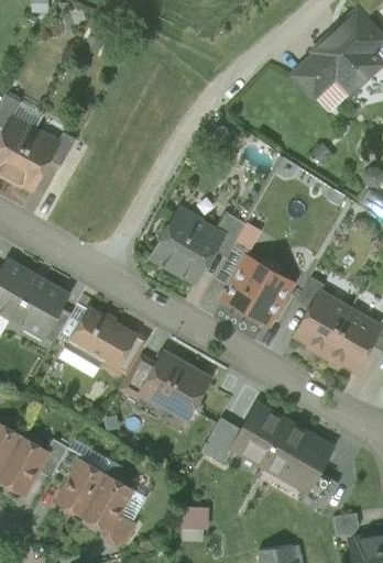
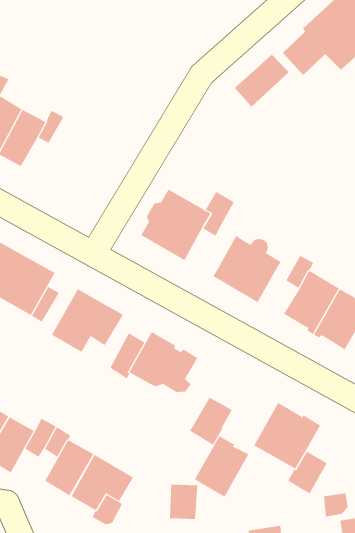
building: none -> [235,54,290,107]
building: [215,244,258,287] -> none
building: [233,405,288,466] -> [194,436,249,497]

